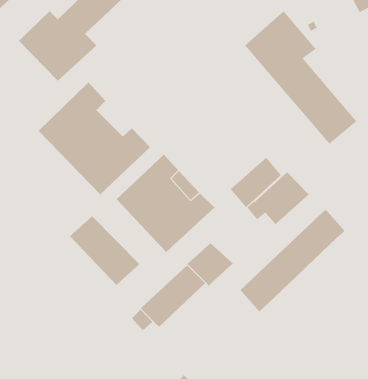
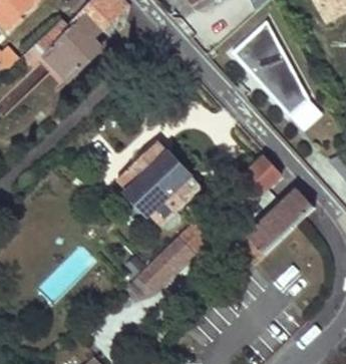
building: [38,81,151,195] -> none
building: [230,157,282,207] -> none
building: [69,215,139,286] -> none

